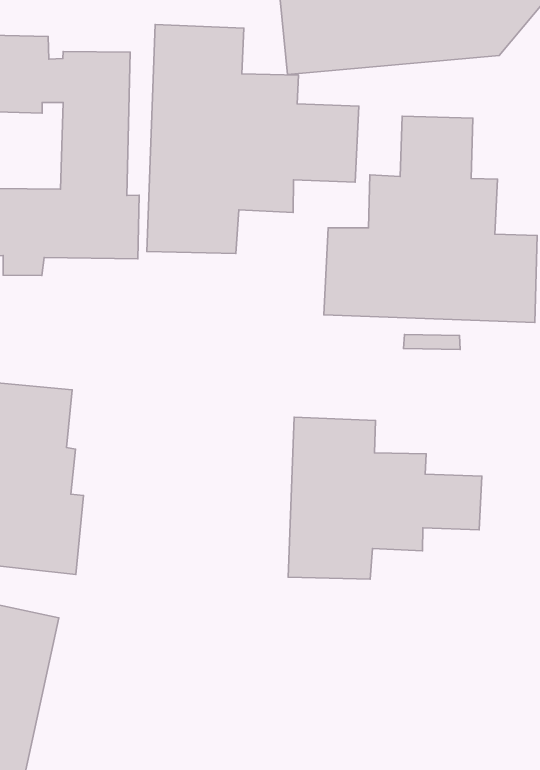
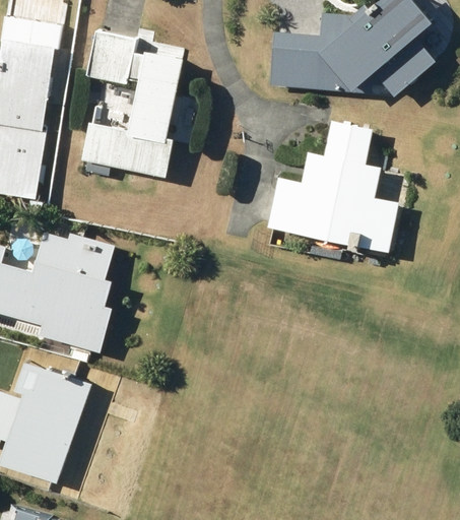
building: [147,24,359,253] -> none
building: [288,417,482,579] -> none

